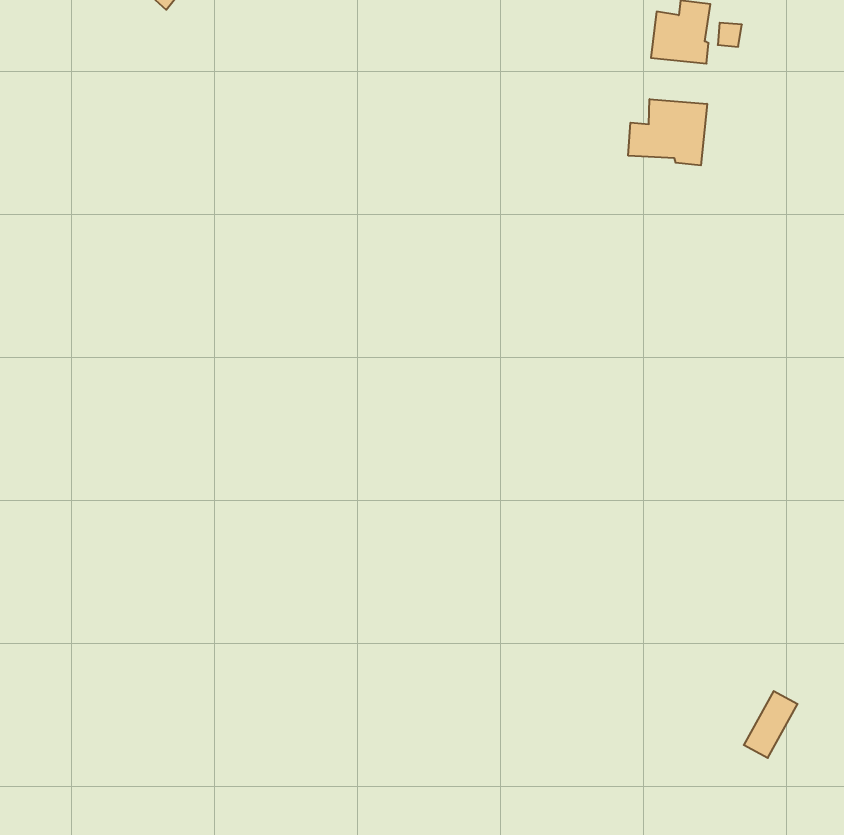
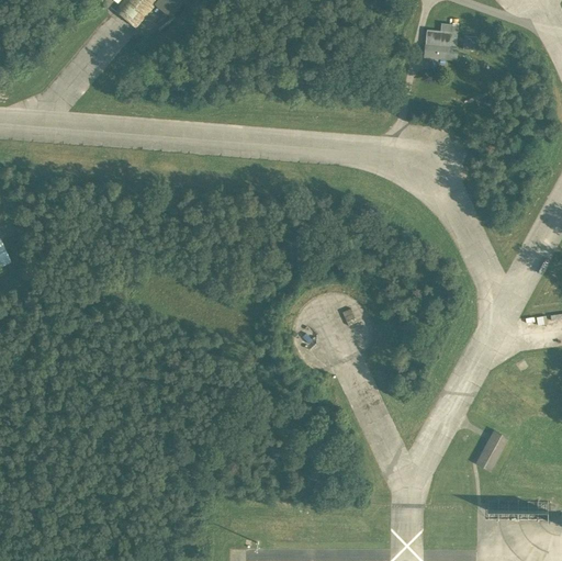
building: [628,99,707,165] -> none

